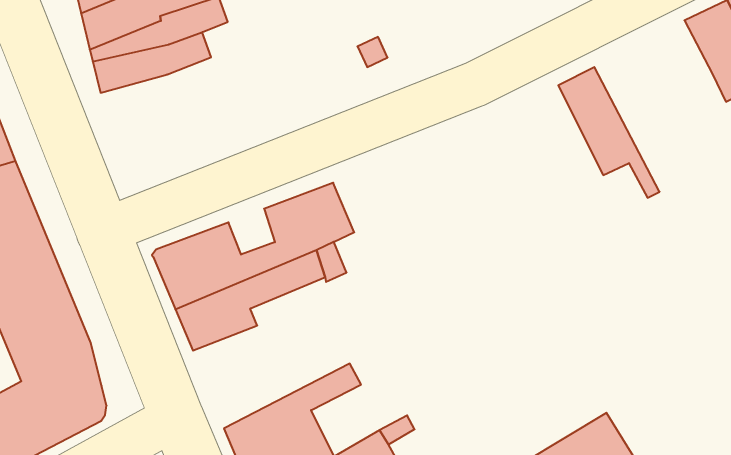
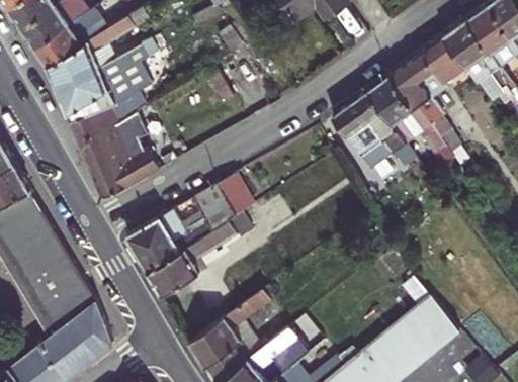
building: none -> [388,38,464,157]
building: none -> [77,123,158,199]
building: none -> [331,92,432,192]

